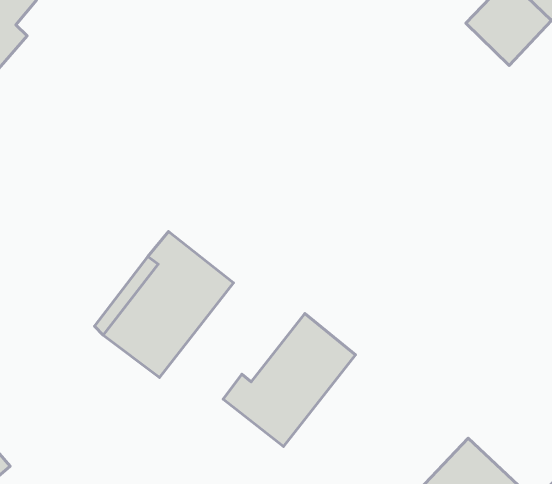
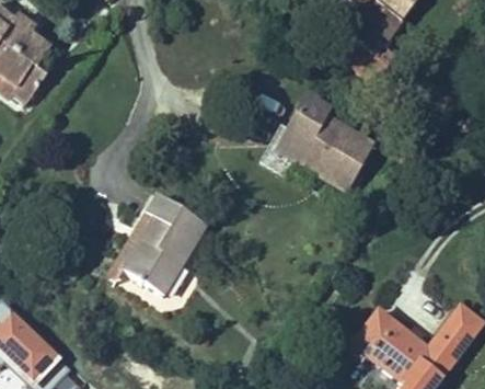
building: none -> [285,99,379,187]
building: [223,313,355,447] -> none

